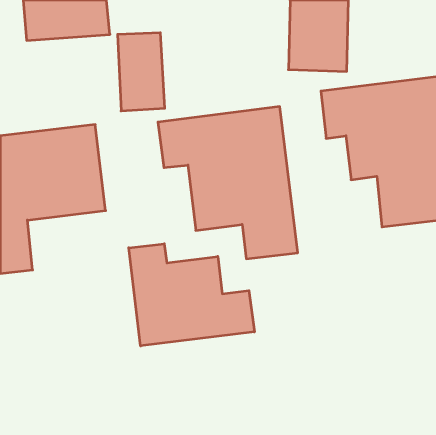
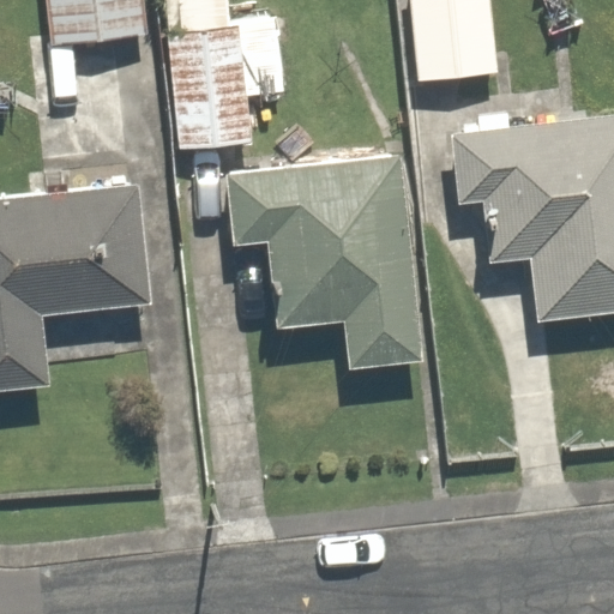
building: [129,244,254,346] -> none

